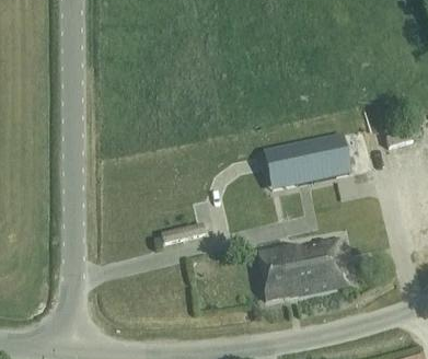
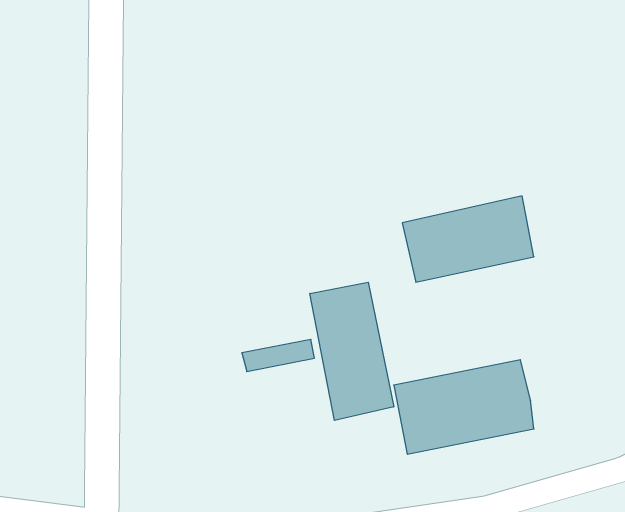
building: none -> [310,282,394,420]

